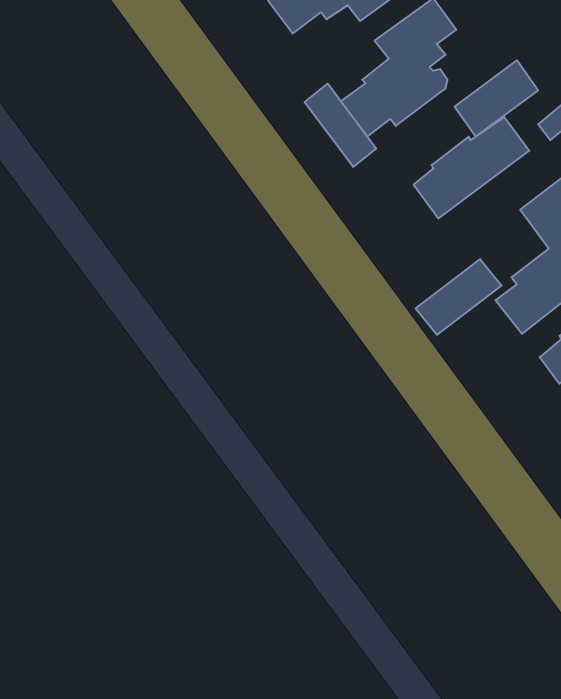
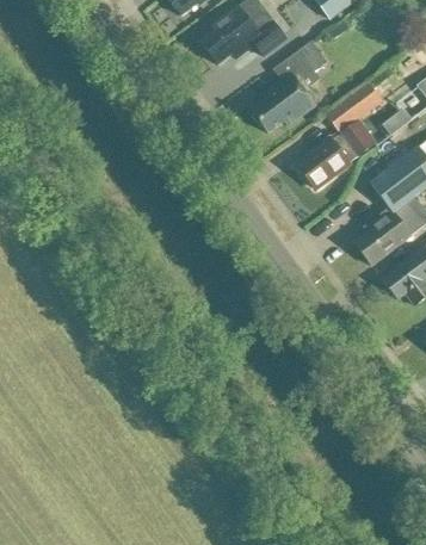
building: [305,84,376,167] -> none
building: [416,259,502,335] -> none

